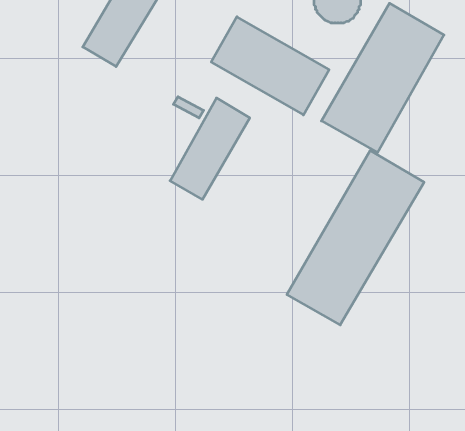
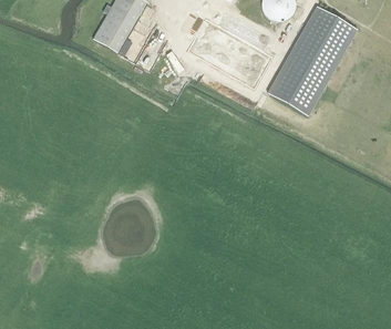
building: [170,98,250,199] -> none
building: [287,151,424,325] -> none

